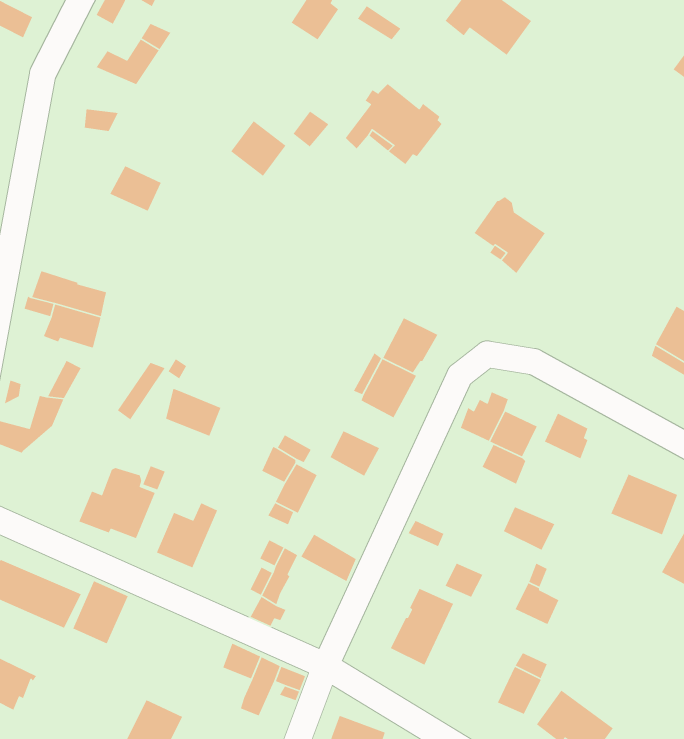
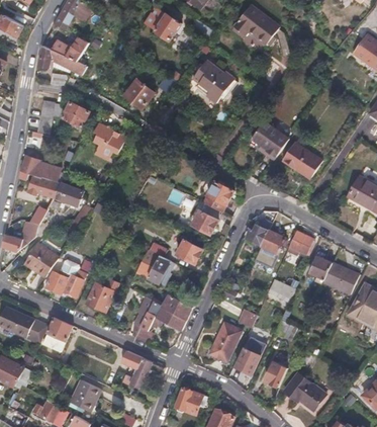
building: none -> [37,46,86,77]
building: none -> [37,99,62,134]
building: none -> [92,123,125,162]
building: none -> [281,142,319,178]
building: [165,388,222,437] -> [54,181,83,206]
building: none -> [24,243,59,275]
building: none -> [307,256,331,285]
building: none -> [151,305,185,330]
building: none -> [234,338,264,374]

